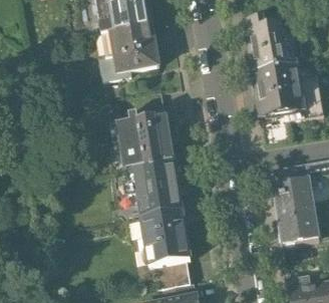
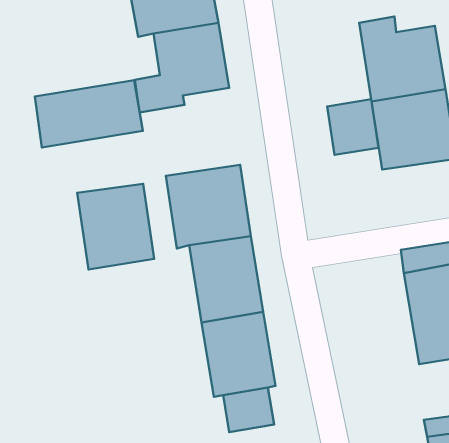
building: none -> [35,80,143,148]
building: none -> [327,99,379,155]
building: none -> [77,184,154,269]

